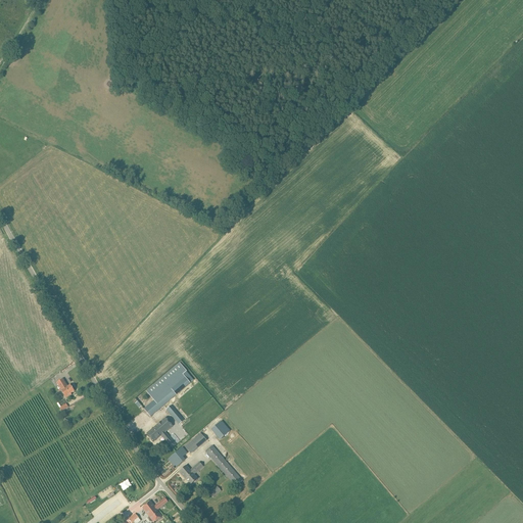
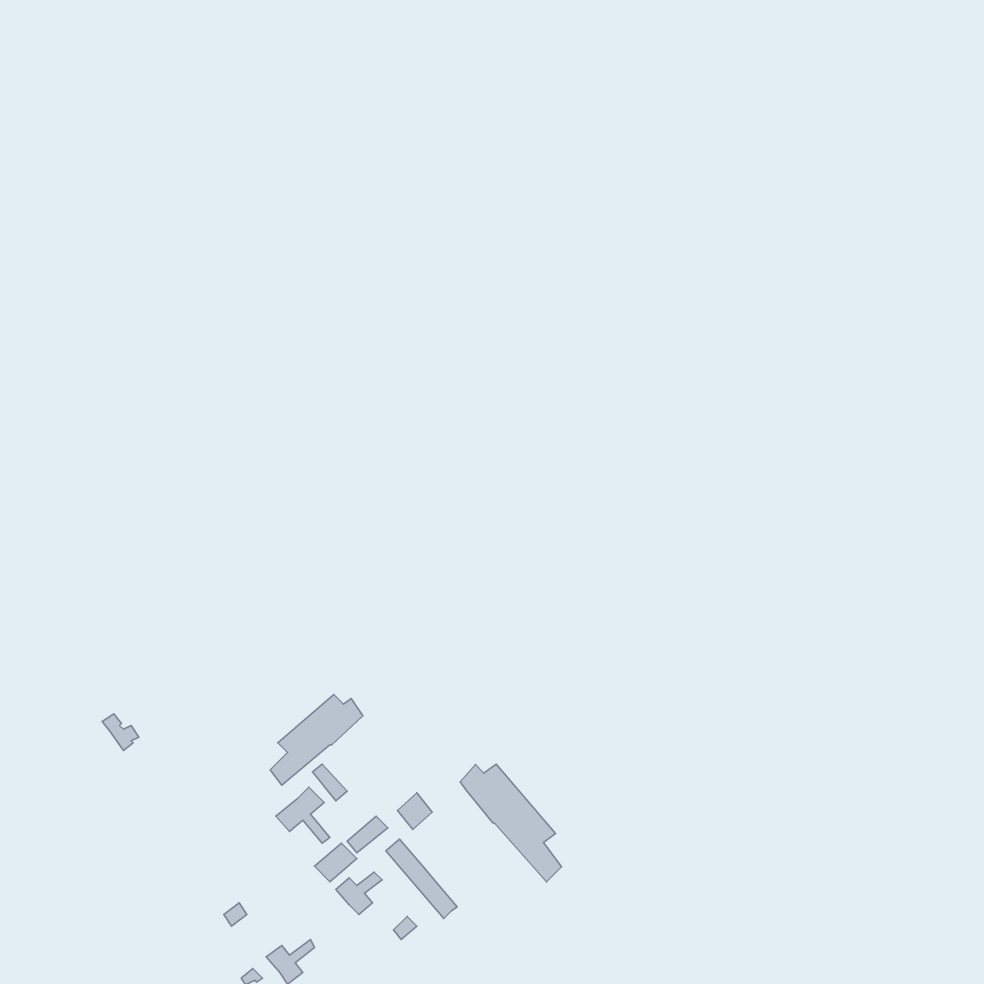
building: none -> [460,764,562,882]

